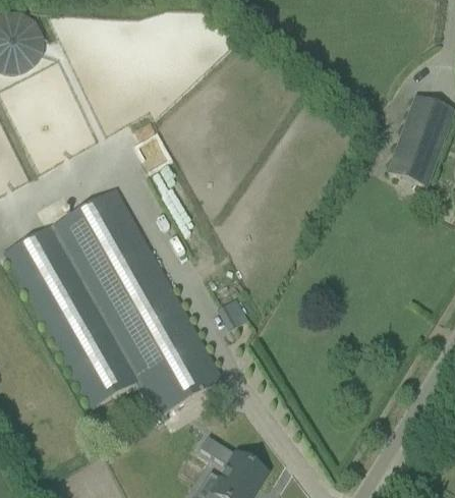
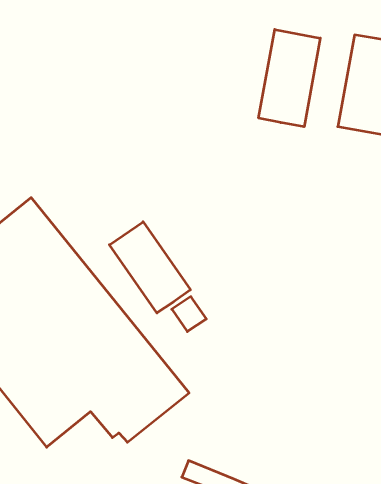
building: none -> [259,29,320,127]
building: none -> [109,222,190,313]

